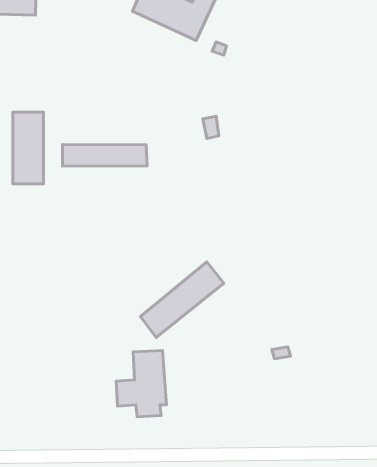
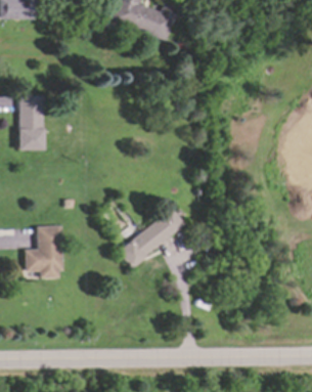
building: [62,145,147,166] -> none
building: [116,351,167,417] -> [21,229,60,280]

